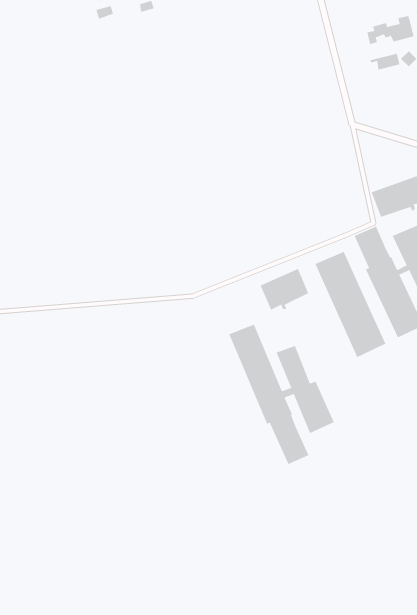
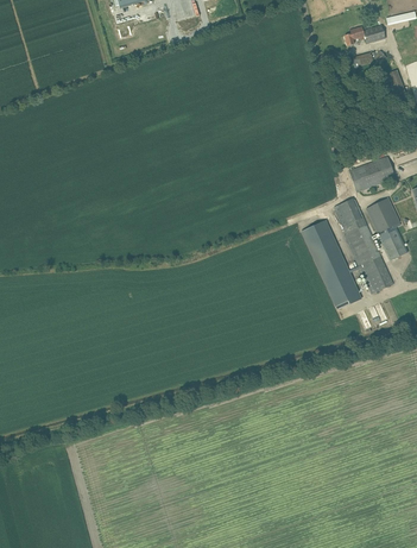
building: [260,268,309,311] -> none
building: [229,324,334,465] -> none

